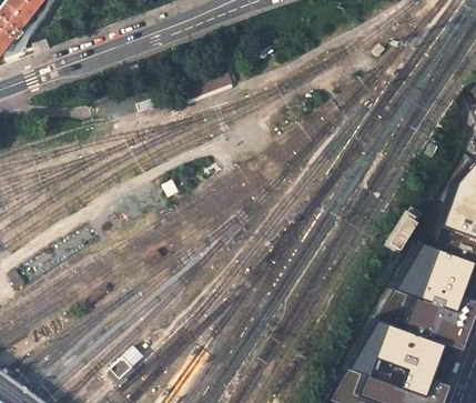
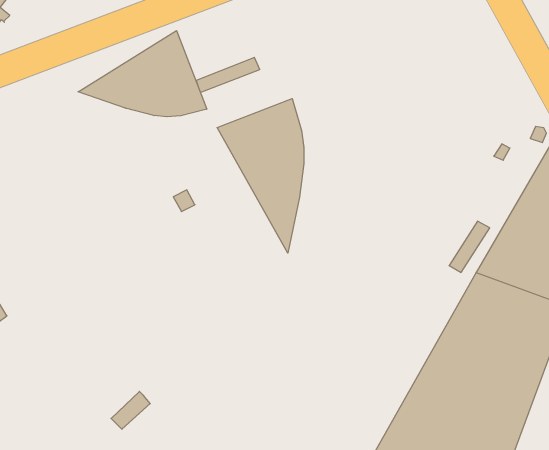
building: none -> [78,31,207,117]
building: none -> [217,99,304,253]

